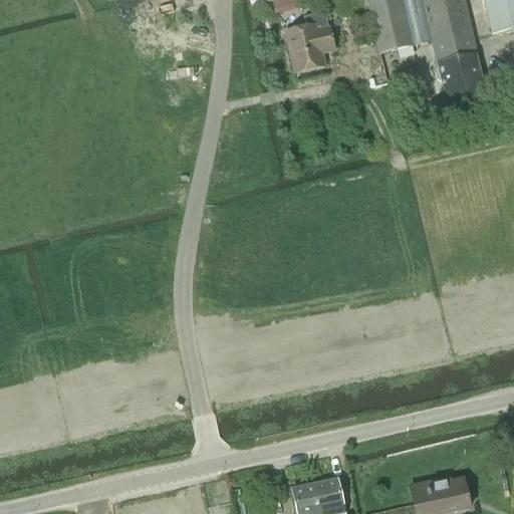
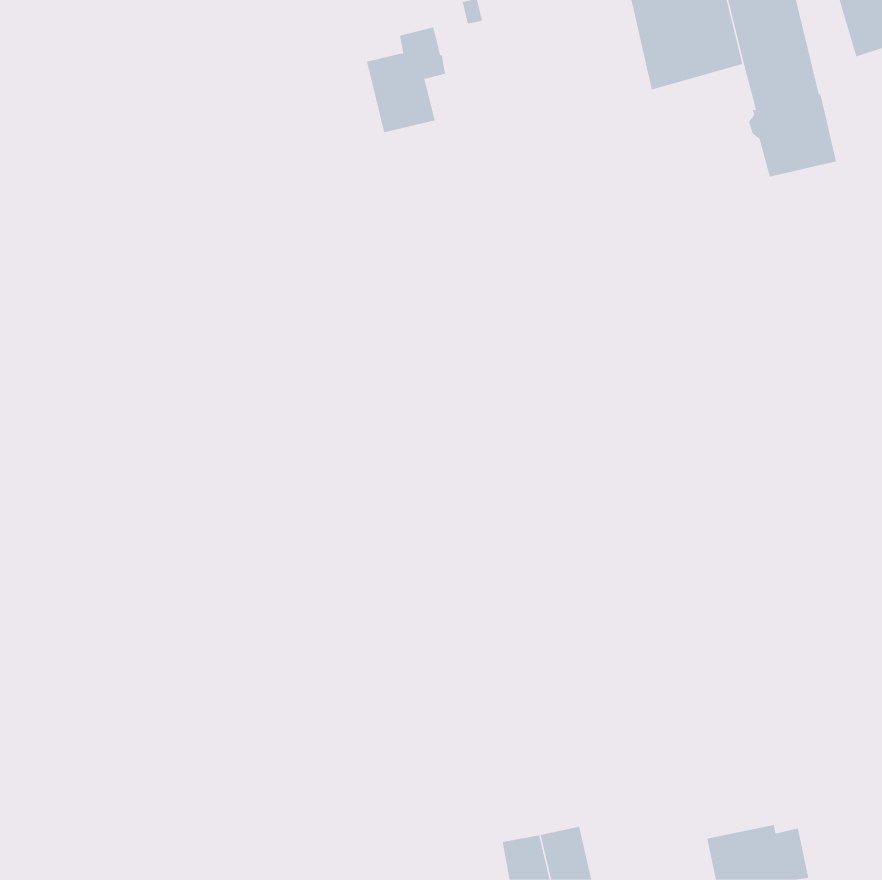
building: [286,11,332,72] -> [366,27,446,133]

